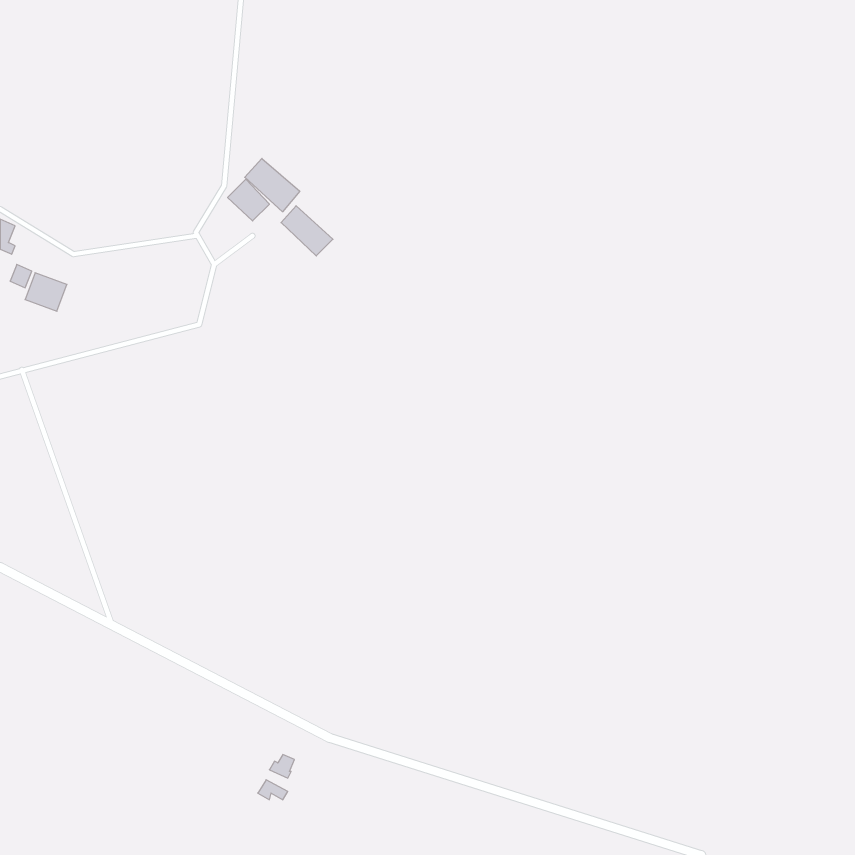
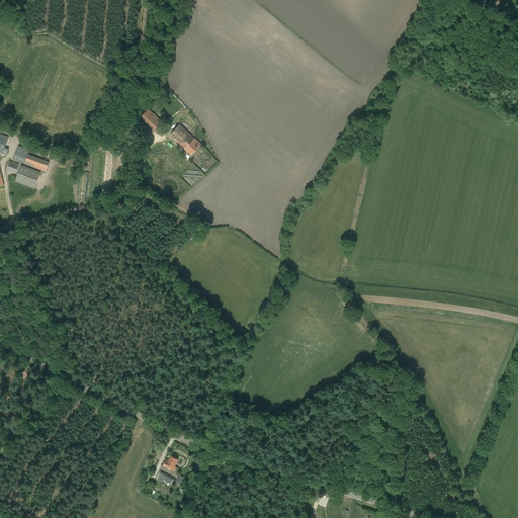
building: [245,158,300,212] -> none
building: none -> [13,145,49,172]

